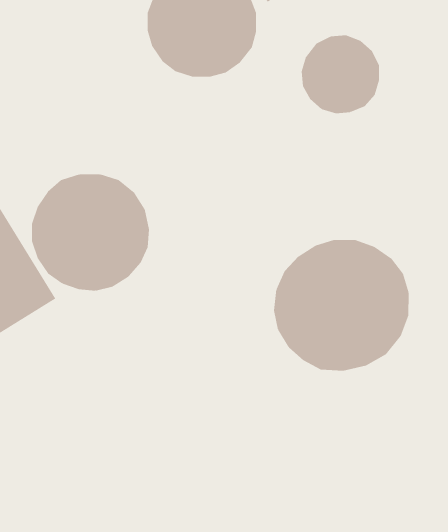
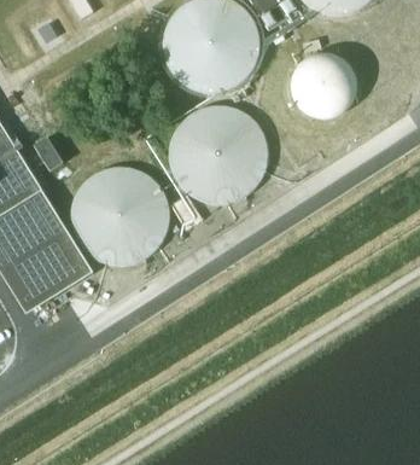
building: none -> [169,106,267,204]
building: [273,239,409,372] -> none

